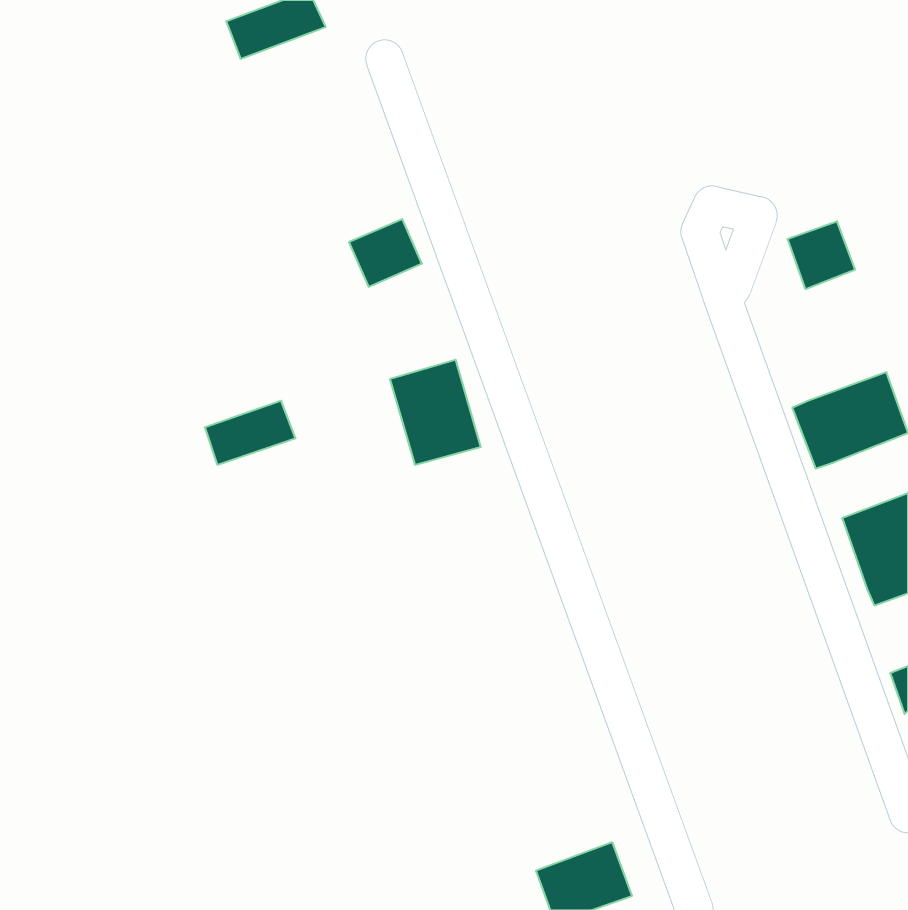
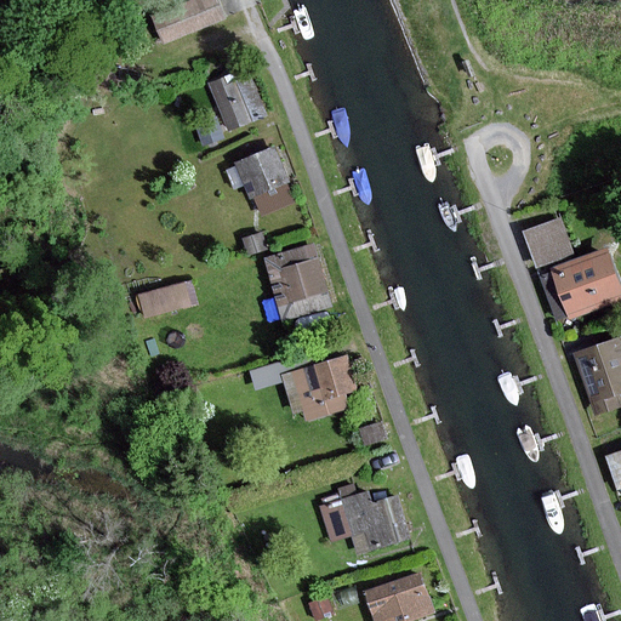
building: none -> [211,76,263,129]
building: [787,221,855,289] -> [524,220,570,266]
building: none -> [284,357,357,420]
building: none -> [320,492,409,552]

